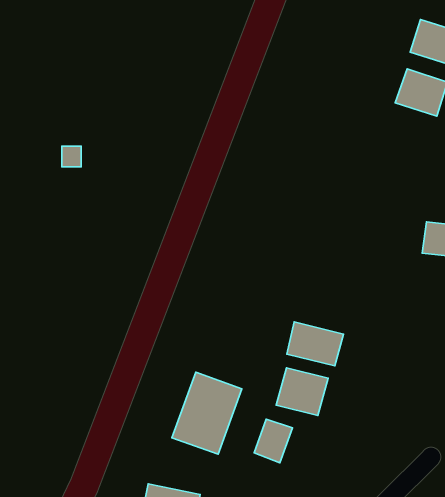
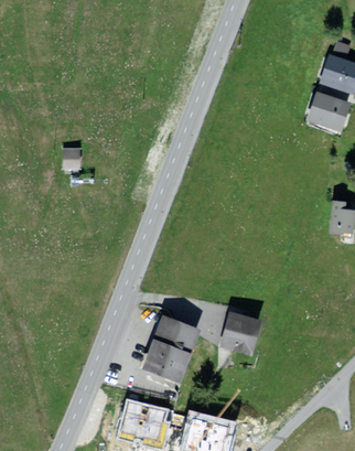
building: [287,322,343,366] -> none
building: [254,419,292,463] -> none

